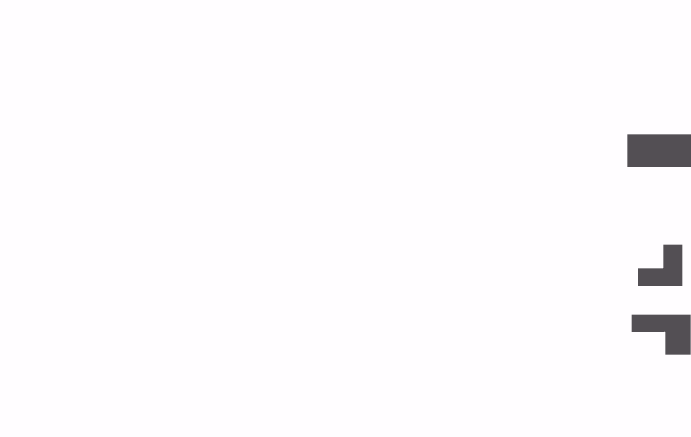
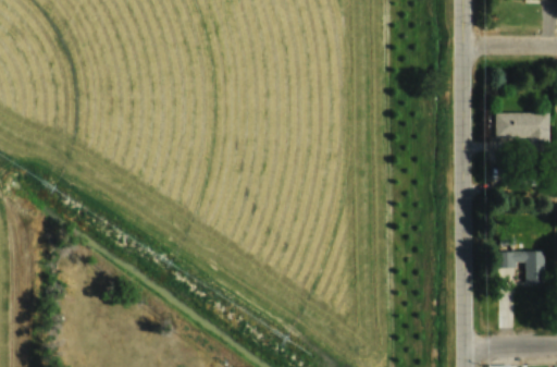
building: [637,244,683,287] -> none

